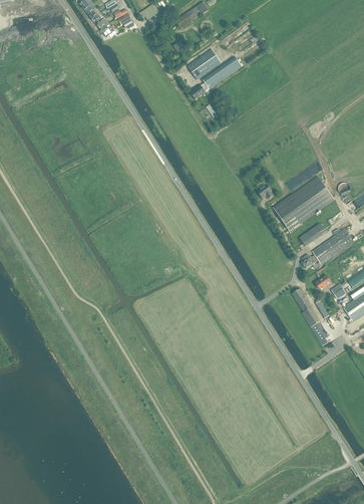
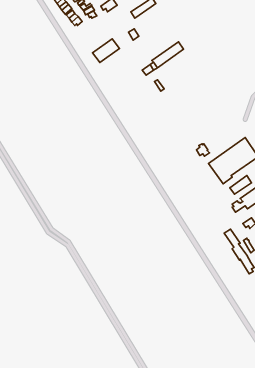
building: [188,49,221,78] -> [93,39,119,62]

